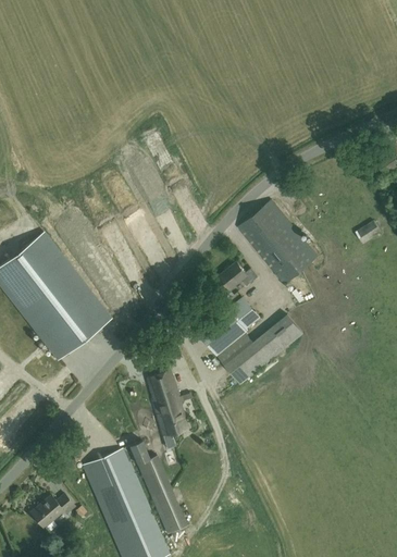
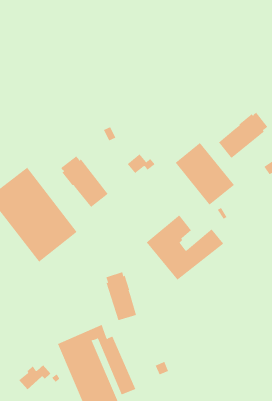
building: none -> [218,112,268,159]
building: none -> [60,155,109,208]
building: [220,262,258,289] -> [127,153,156,174]

